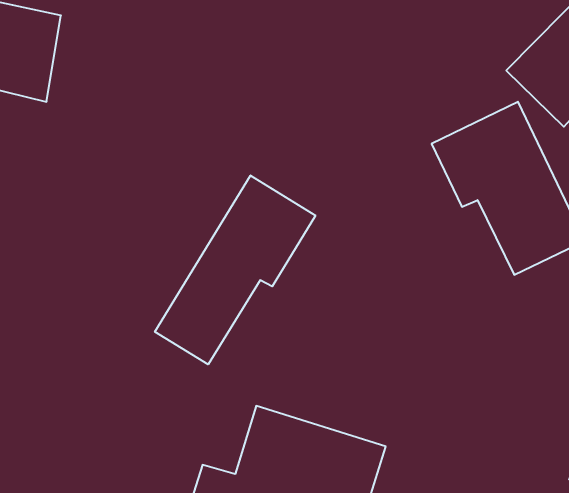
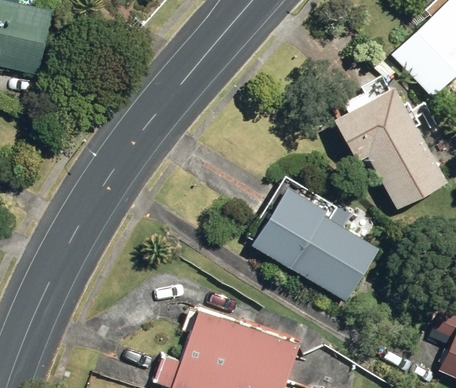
building: [155,175,315,364] -> none
building: none -> [246,180,387,304]

